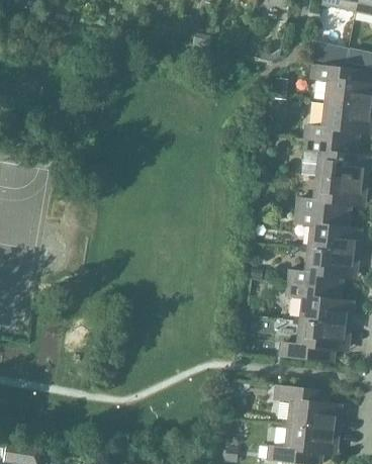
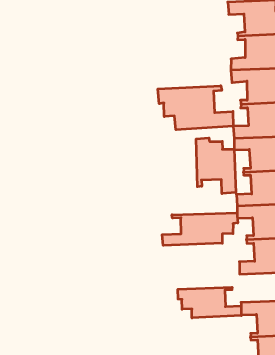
building: none -> [158,86,233,130]
building: none -> [196,138,236,194]
building: none -> [162,213,238,245]
building: none -> [178,287,241,318]

